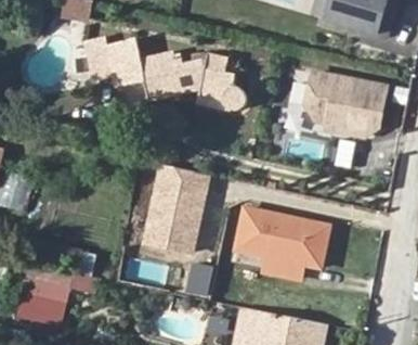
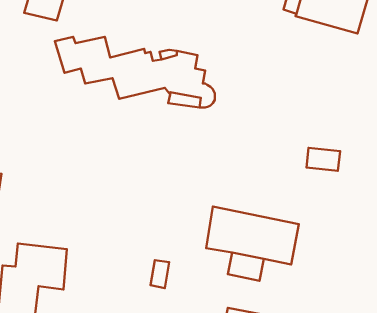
building: [306,73,387,138] -> none
building: [141,165,211,256] -> none

